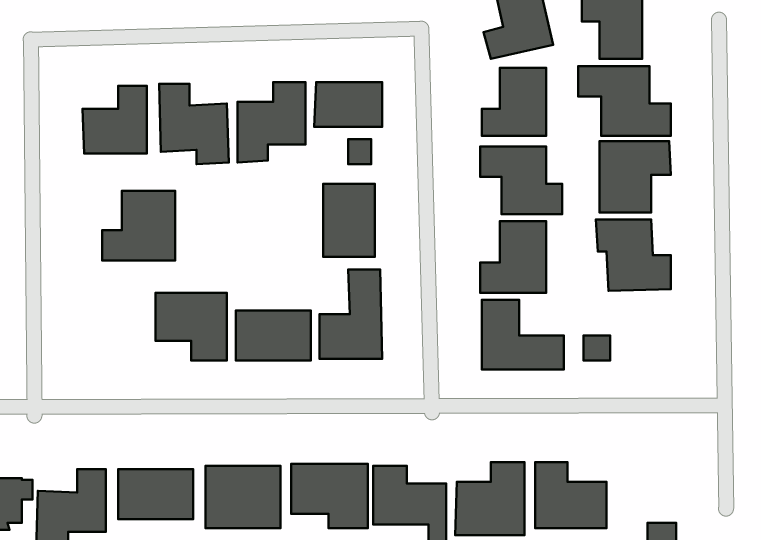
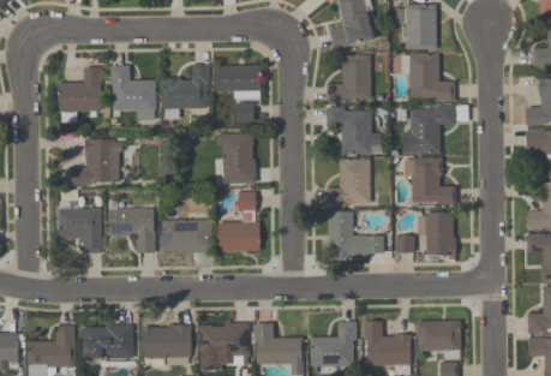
building: none -> [59,201,102,252]
building: none -> [419,211,455,255]
building: none -> [418,321,462,356]

